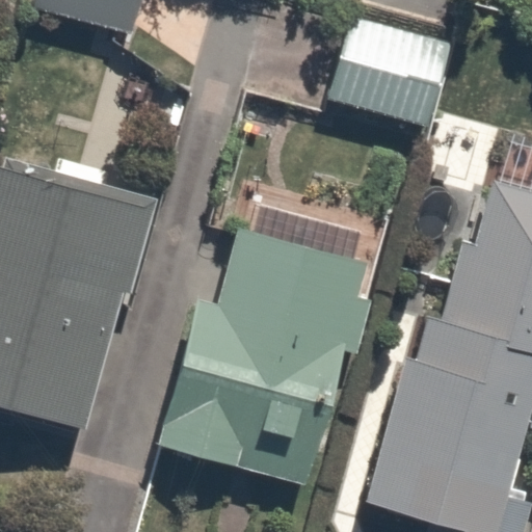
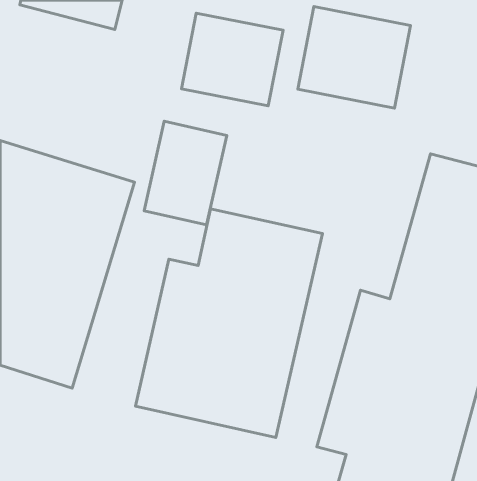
building: none -> [181,13,283,106]
building: none -> [144,121,227,225]

